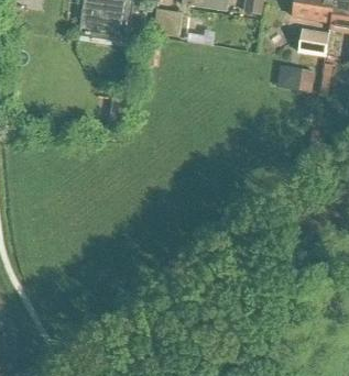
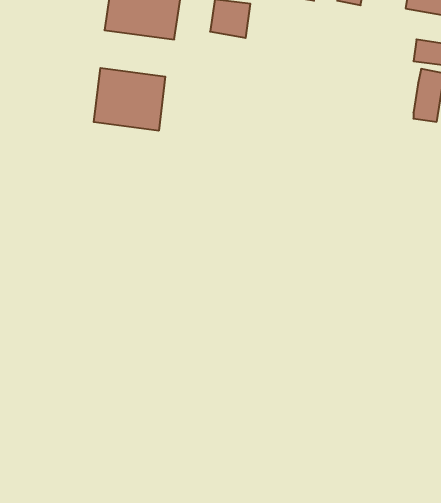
building: none -> [94,68,165,131]

